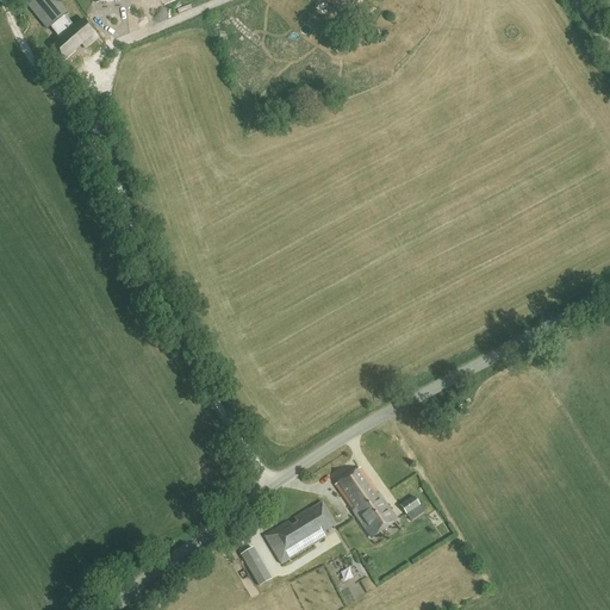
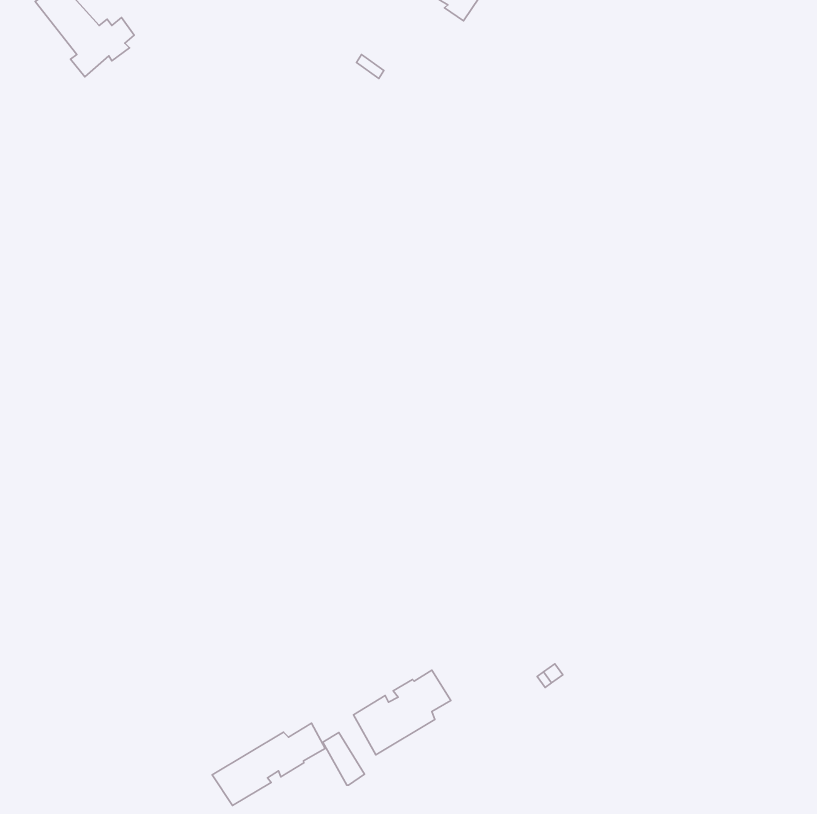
building: [335,466,396,536] -> none
building: none -> [212,723,325,806]

